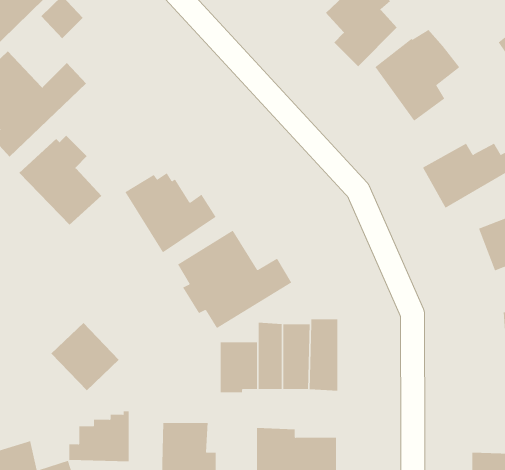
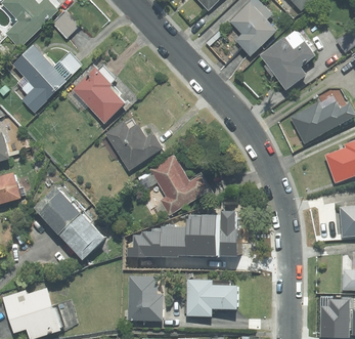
building: [18,135,102,225] -> [72,66,124,122]
building: none -> [35,188,79,234]
building: [69,411,129,462] -> [126,226,164,258]

